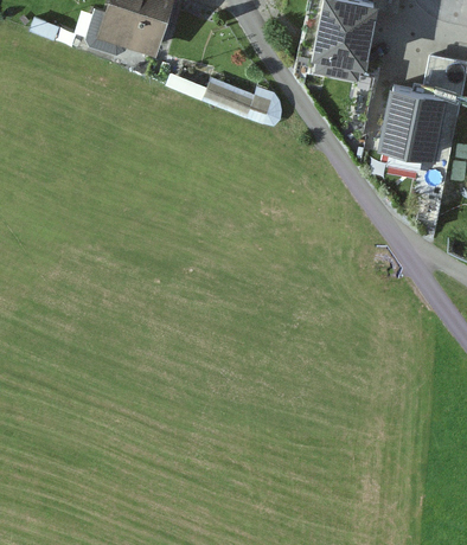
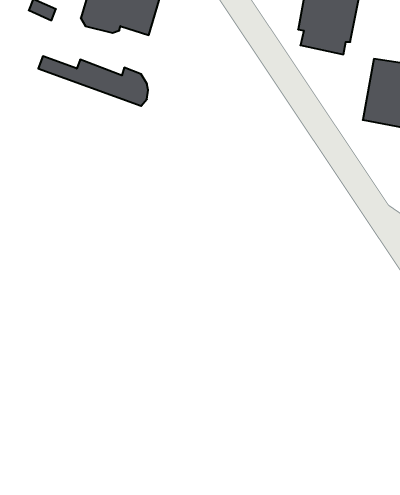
building: [167,75,282,127] -> [38,56,148,106]

